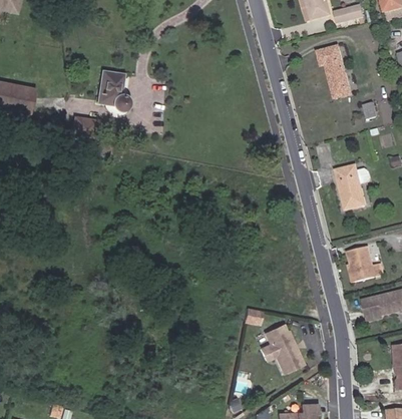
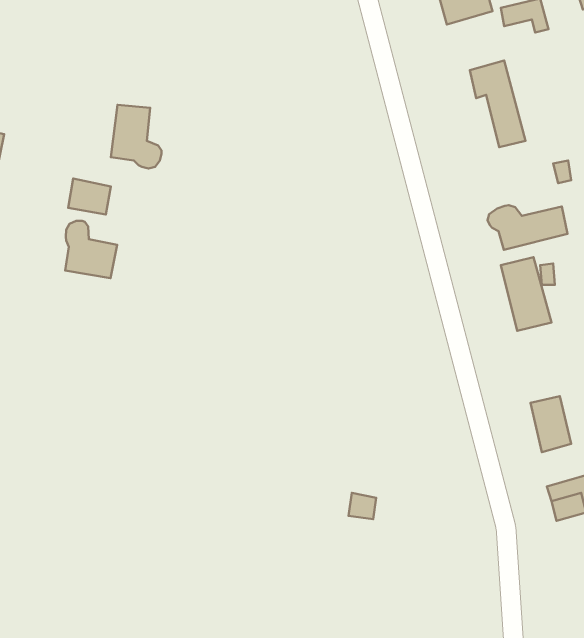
building: none -> [488,205,568,250]
building: none -> [65,221,117,278]
building: [267,327,302,372] -> none

